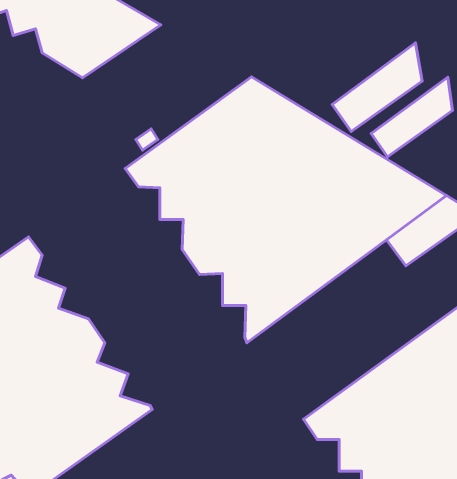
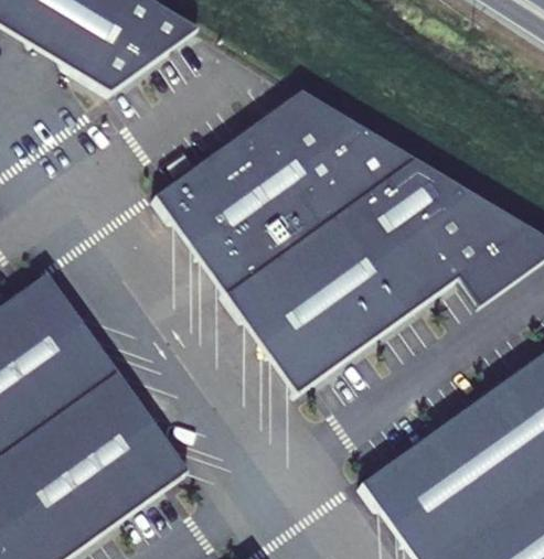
building: [332,43,422,131] -> none
building: [371,77,453,157] -> none

